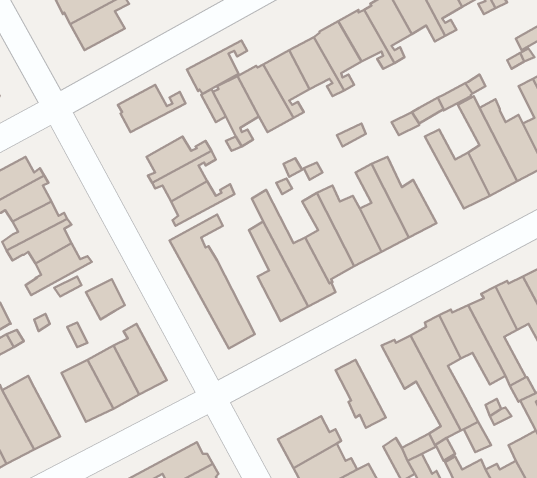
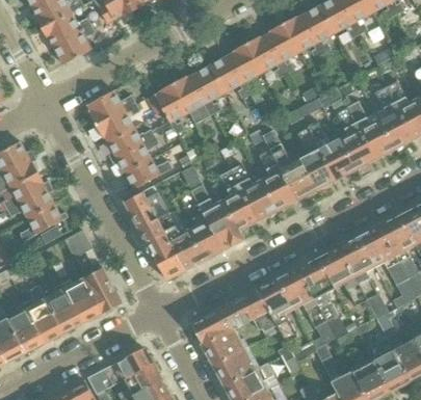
building: [187,41,247,94] -> [96,103,139,141]
building: none -> [297,127,336,189]
building: none -> [158,211,204,269]
building: none -> [258,277,296,342]
building: none -> [26,287,63,343]
building: none -> [189,295,255,345]

